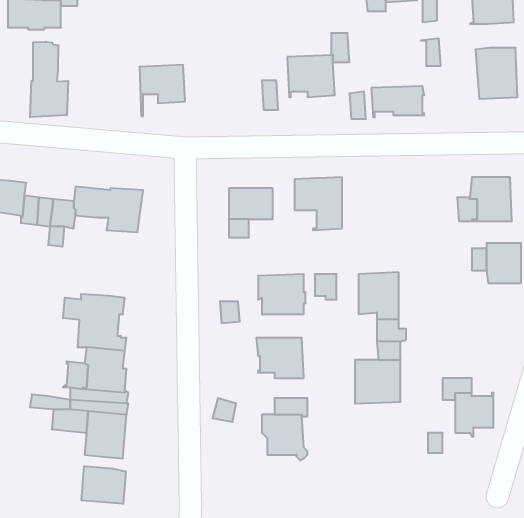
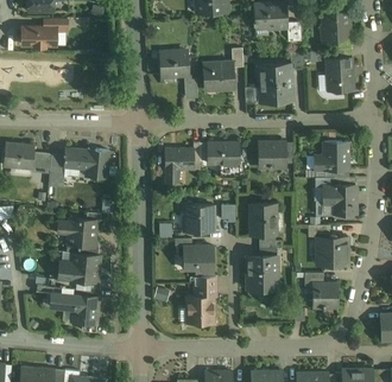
building: [30,42,68,117] -> none
building: none -> [257,64,291,84]
building: [139,65,185,116] -> [159,51,189,84]
building: none -> [258,142,285,168]
building: none -> [316,237,348,266]
building: [81,466,126,504] -> none

